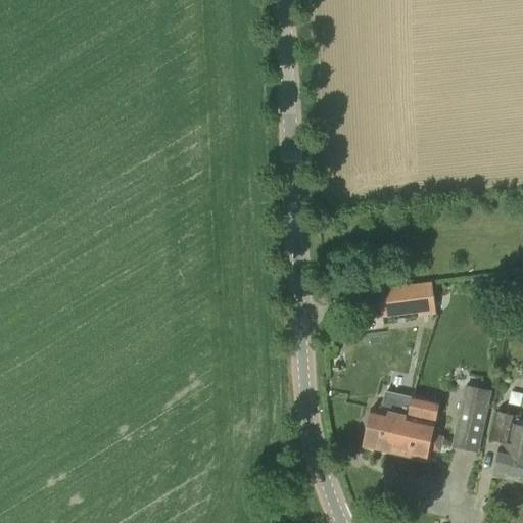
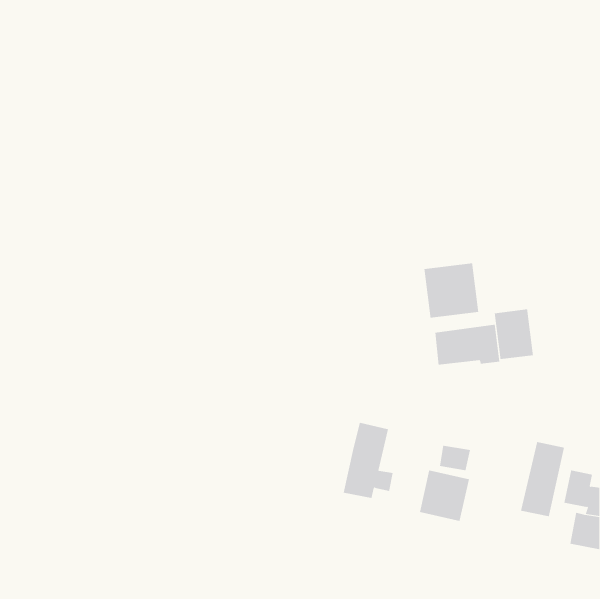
building: none -> [424,262,479,318]
building: none -> [494,309,534,360]
building: [400,393,444,460] -> [343,422,393,499]

